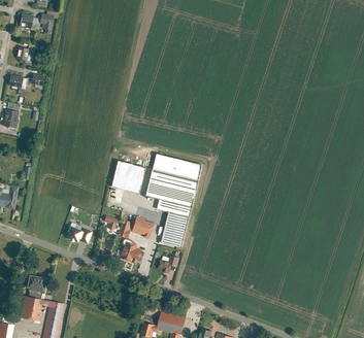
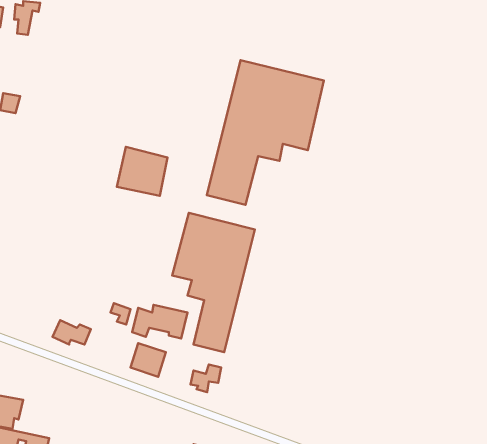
building: none -> [207,60,324,205]
building: [111,161,145,194] -> [117,147,167,196]

